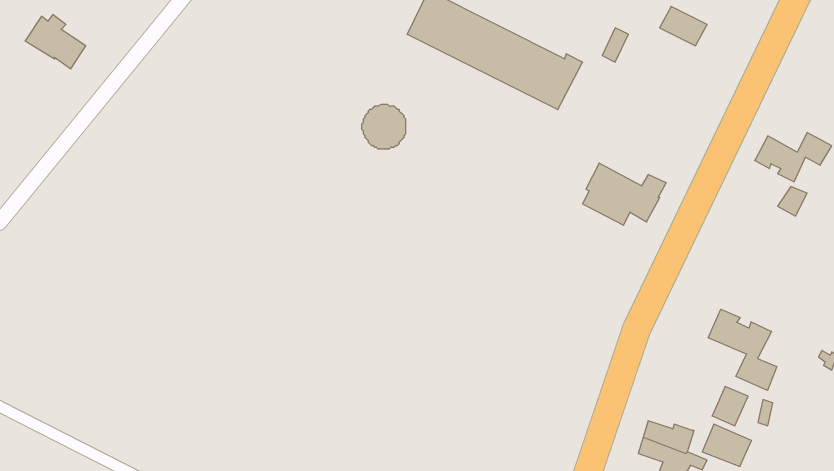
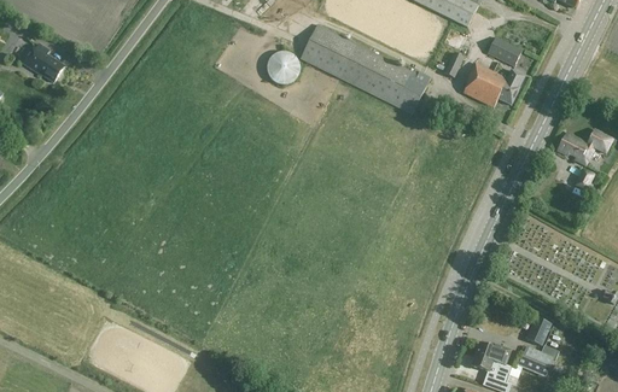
building: [362,104,406,149] -> [266,49,298,82]
building: [583,163,666,225] -> [462,62,524,107]
building: [708,309,777,390] -> none

